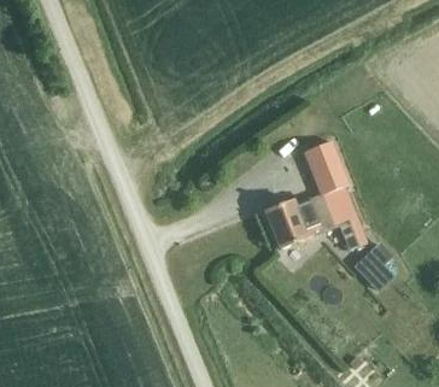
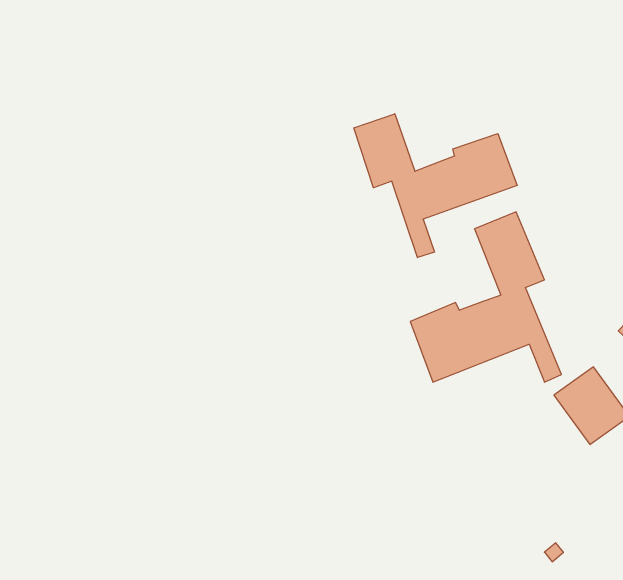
building: none -> [354,114,517,258]

